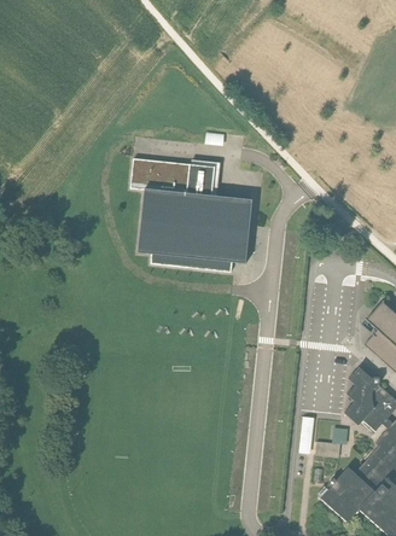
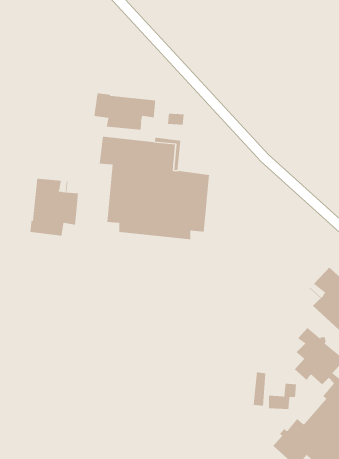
building: none -> [94,93,156,130]
building: none -> [30,178,78,237]

